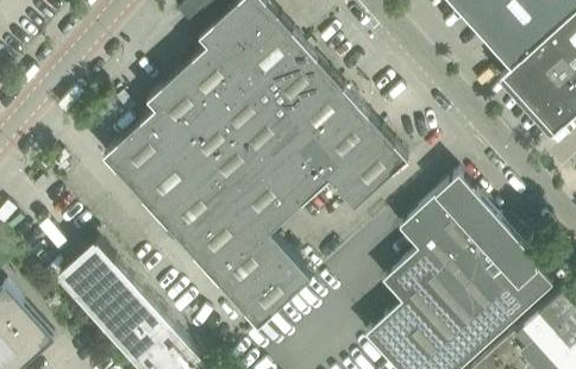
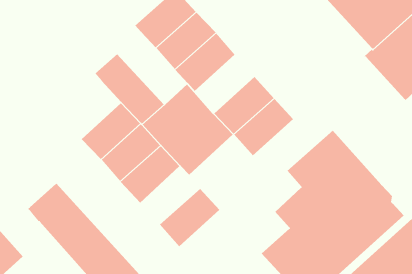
building: [176,48,268,142] -> none
building: [277,76,356,154] -> none
building: [102,111,181,187] -> none
building: [206,223,284,299] -> none

